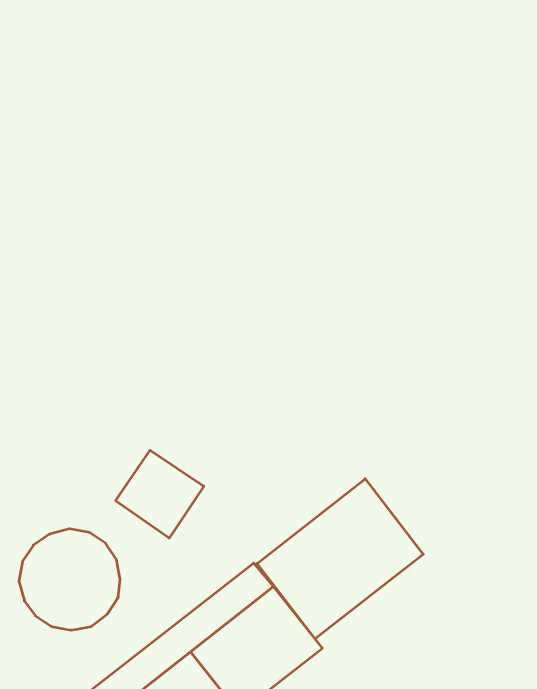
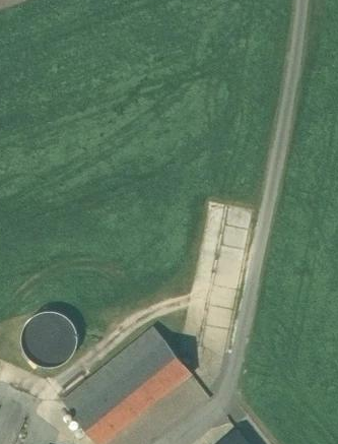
building: [116,450,204,538] -> none
building: [257,479,423,639] -> none

